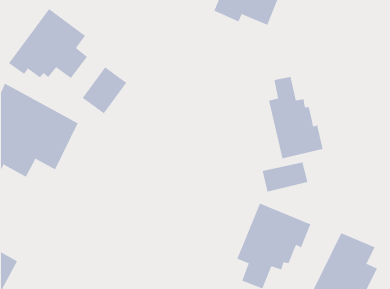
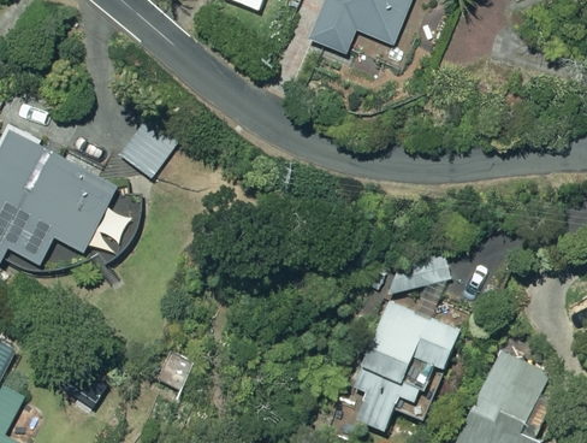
building: [8,8,88,79] -> none
building: [268,76,323,159] -> none

